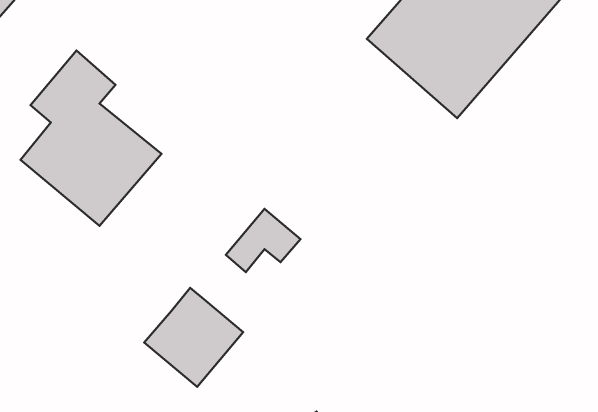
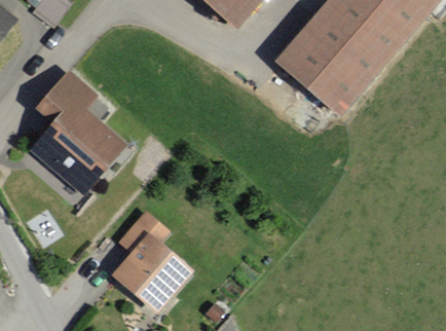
building: [226,209,301,272] -> [116,211,170,256]

